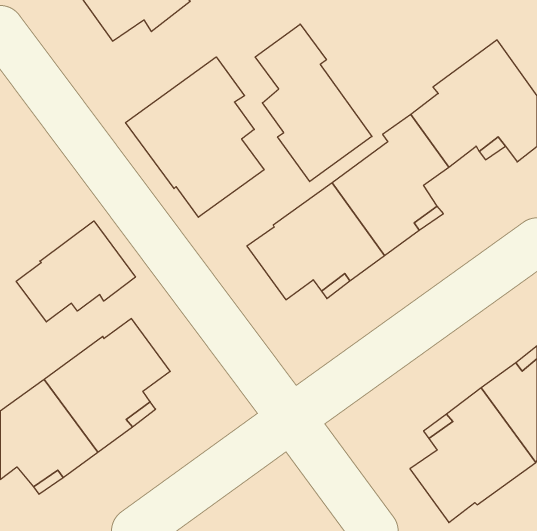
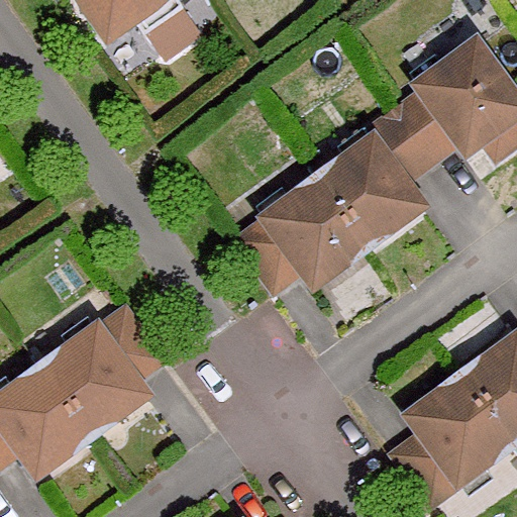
building: [255,24,372,182] -> none
building: [126,57,264,217] -> none
building: [16,221,135,322] -> none

